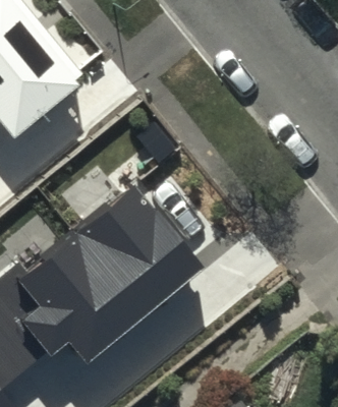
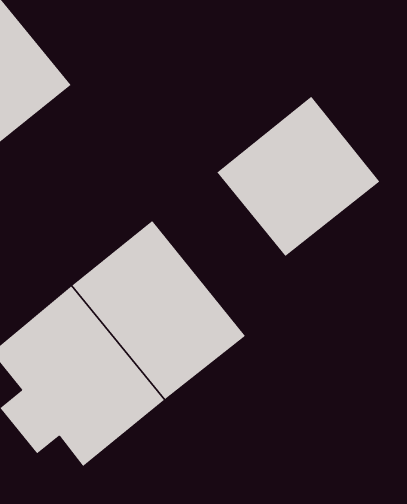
building: none -> [217,96,380,257]

